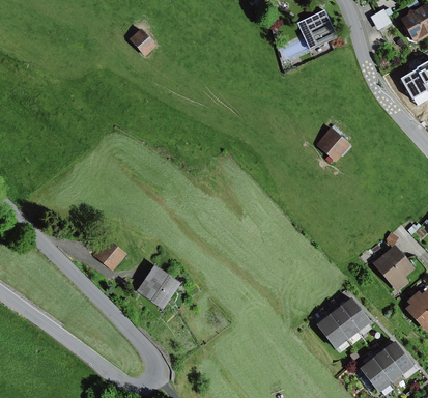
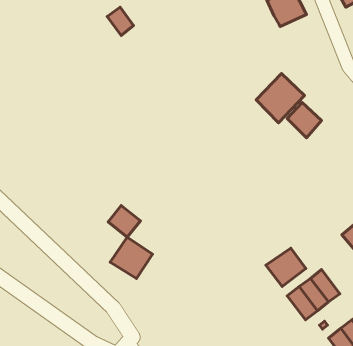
building: none -> [256,74,304,123]
building: [93,237,126,269] -> [108,206,140,237]
building: none -> [266,248,306,287]

